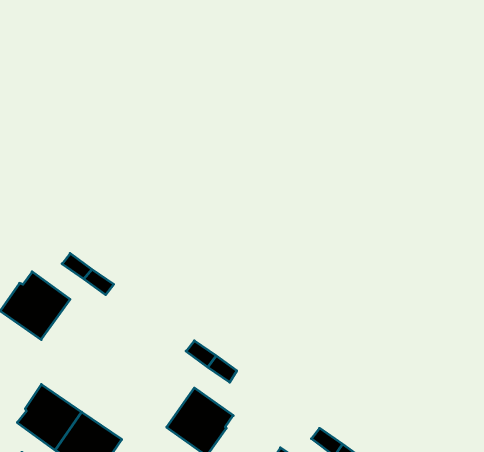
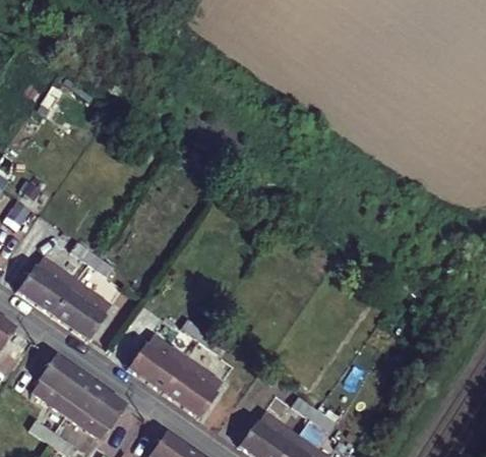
building: none -> [54,280,113,341]
building: none -> [128,334,189,393]

